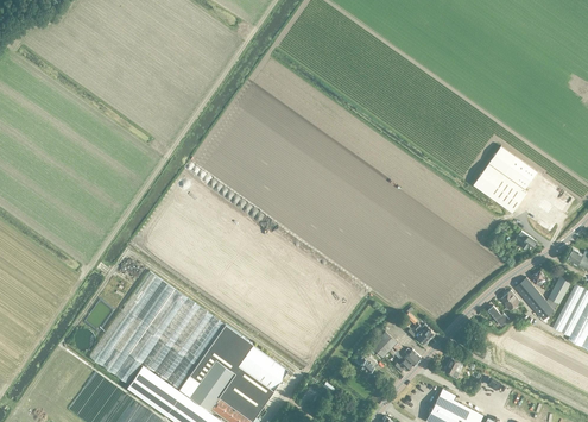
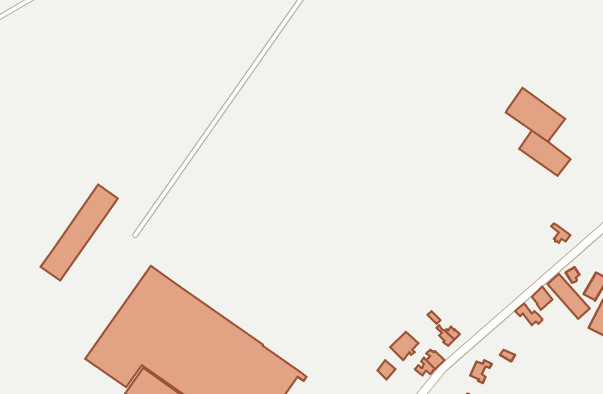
building: [474,163,529,213] -> [506,88,565,142]
building: none -> [40,185,118,281]

